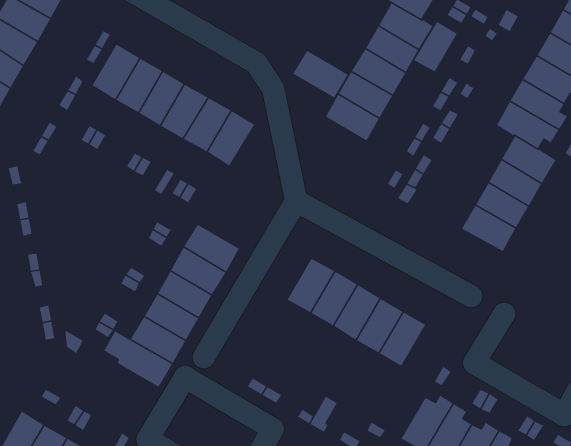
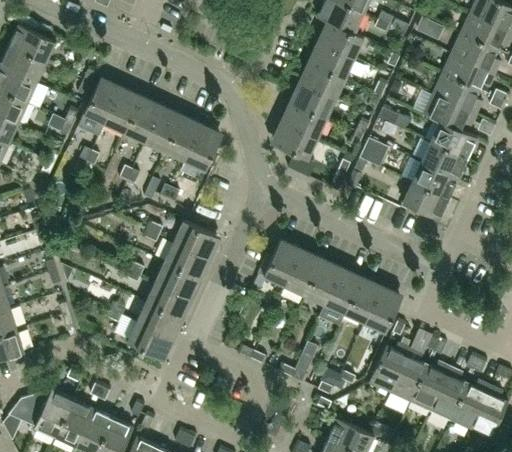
building: [413,21,458,73] -> none
building: [292,50,349,98] -> [270,121,317,159]
building: none -> [364,285,402,332]

